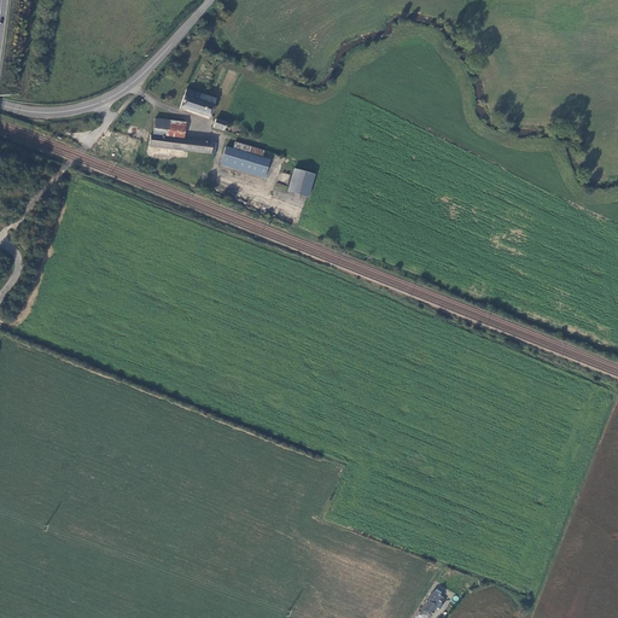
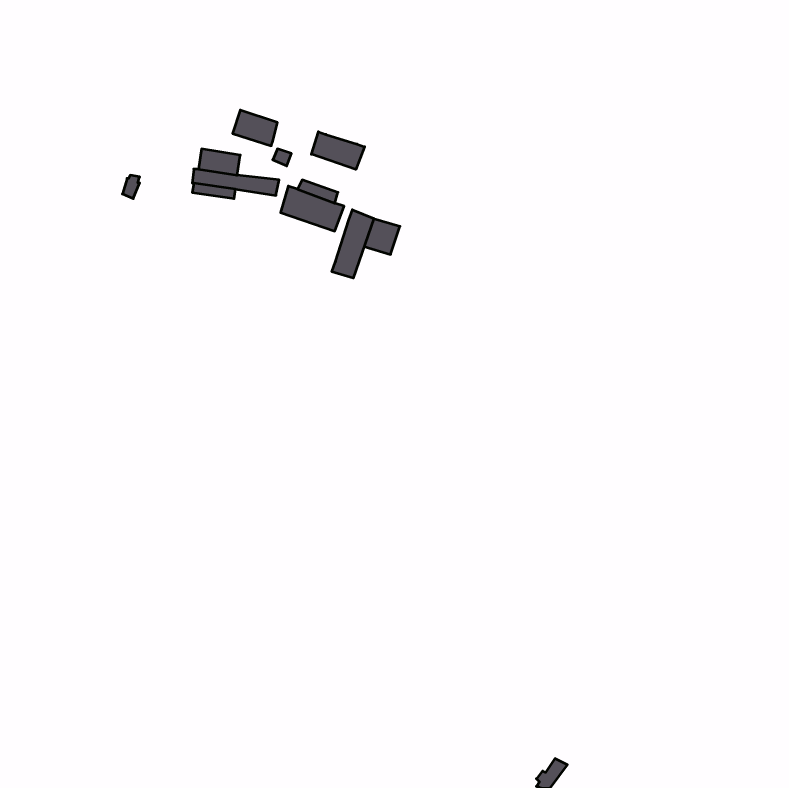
building: none -> [311,132,365,169]
building: none -> [332,210,374,278]

